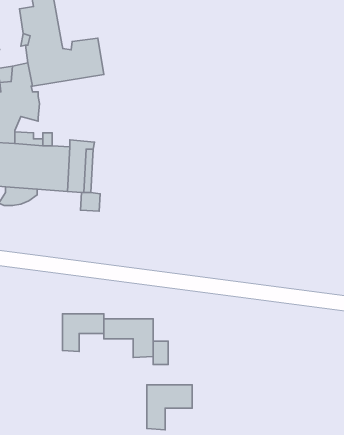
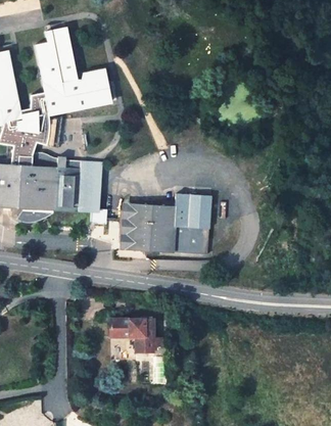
building: none -> [119,193,211,254]
building: [63,314,104,352] -> none
building: [147,385,192,430] -> none

